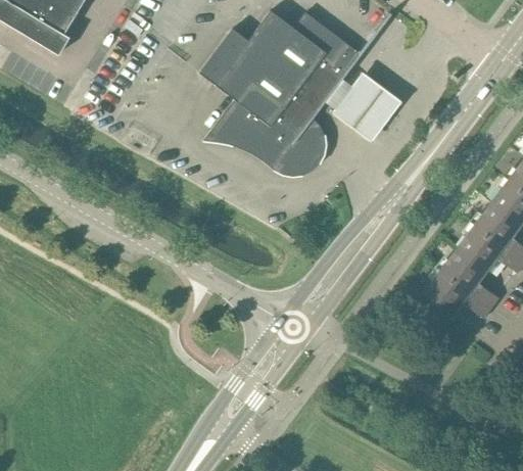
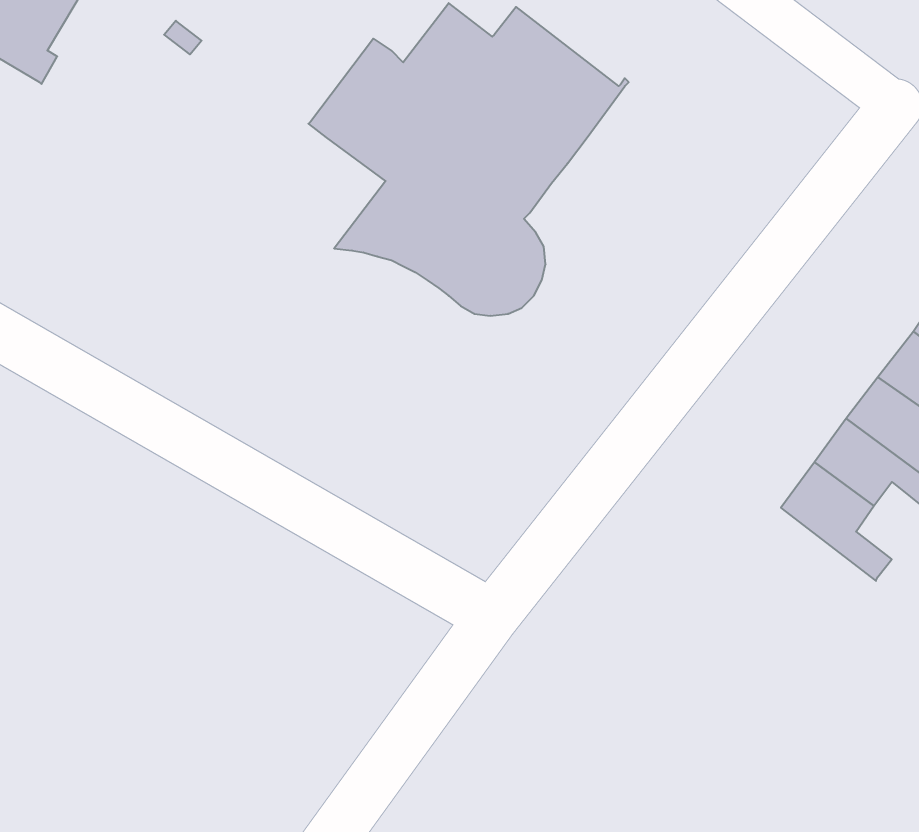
building: [323,74,399,144] -> none
building: [205,117,326,178] -> none
building: [424,270,490,317] -> none

